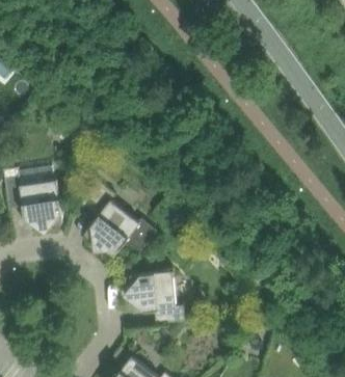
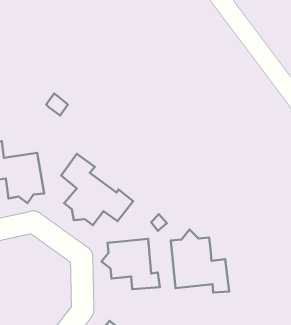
building: none -> [171,230,229,292]

